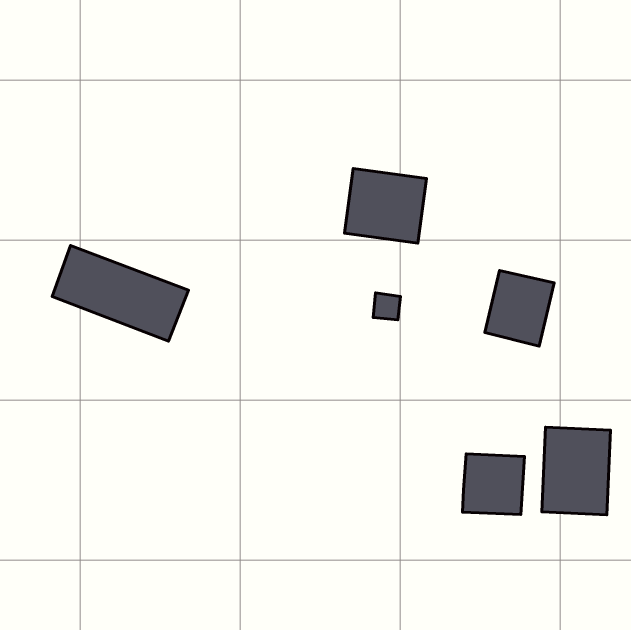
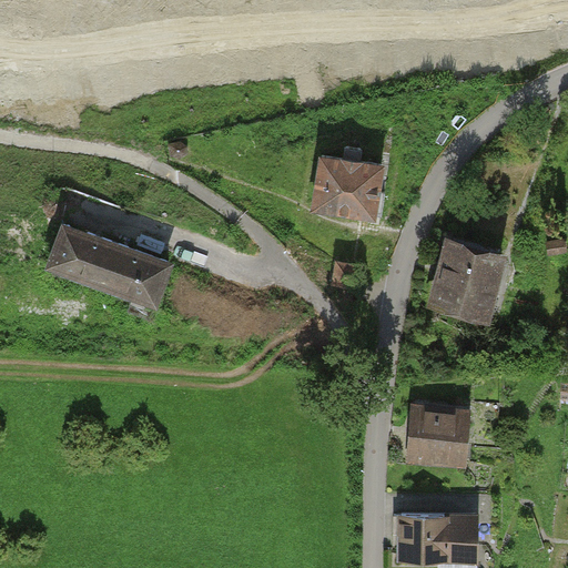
building: [542,427,610,515] -> none
building: none -> [400,517,474,560]

